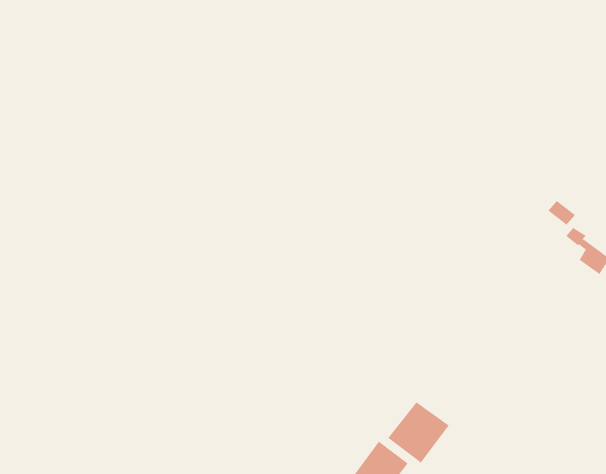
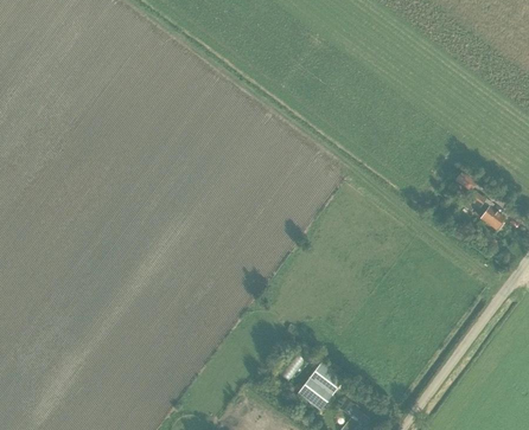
building: [388,401,450,464] -> none

